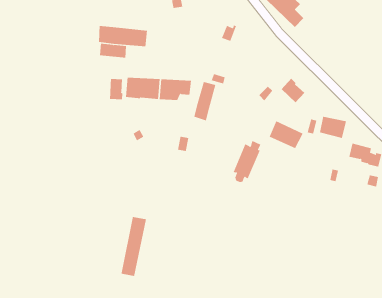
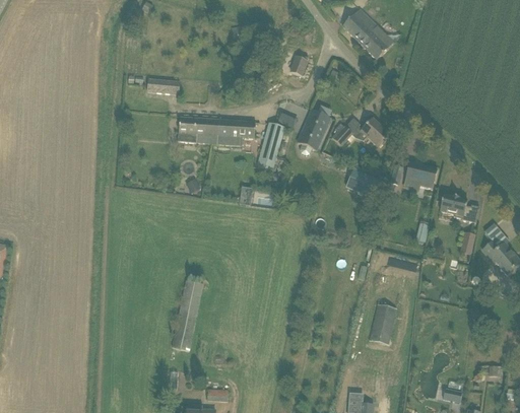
building: [99,25,147,47] -> none
building: [109,78,123,100] -> none
building: [233,140,261,183] -> [298,105,331,154]
building: none -> [370,303,396,344]

